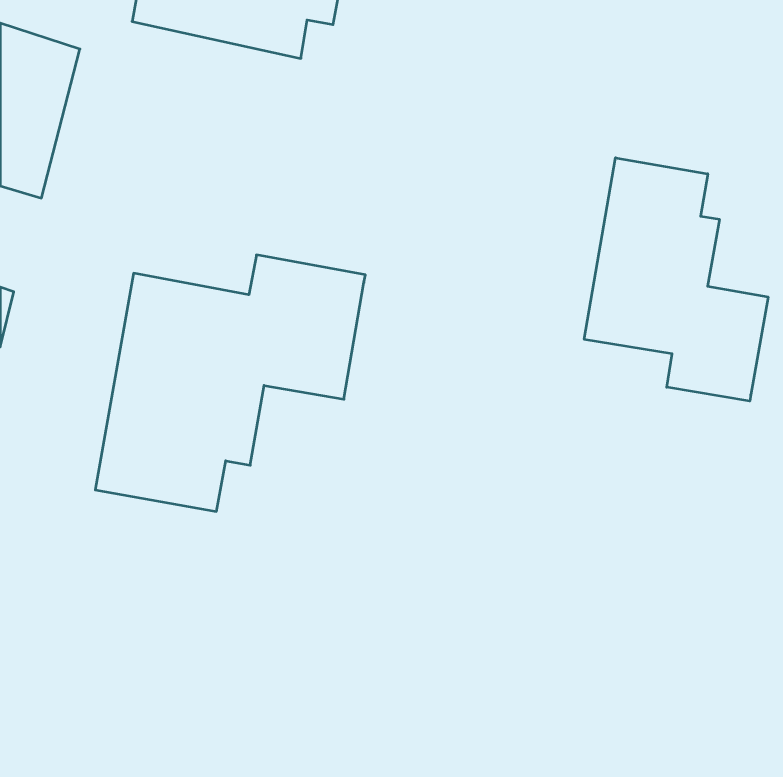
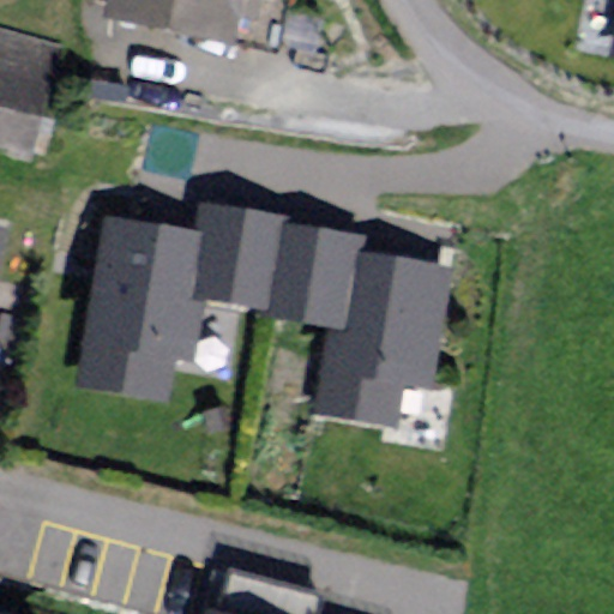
building: [584,158,768,401] -> none
building: none -> [269,221,453,423]

